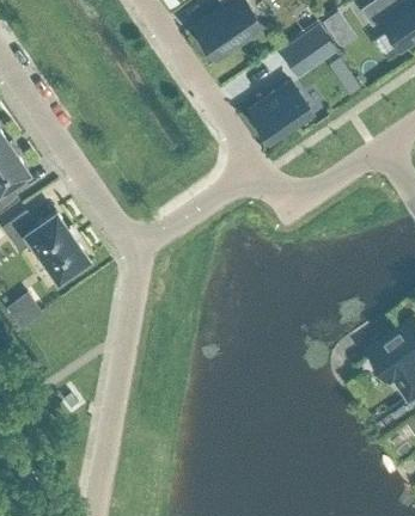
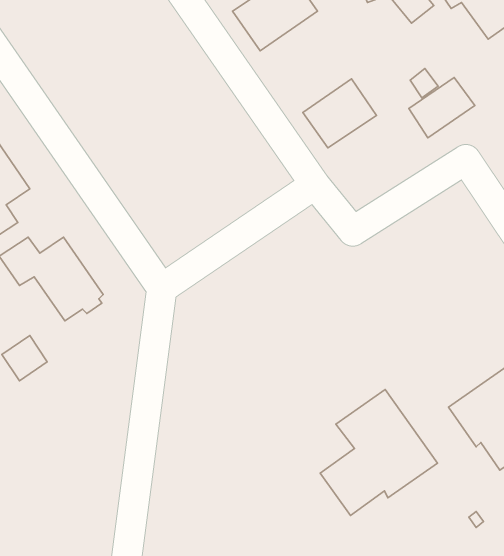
building: [281,27,335,76] -> [409,78,475,138]
building: none -> [320,389,437,516]

